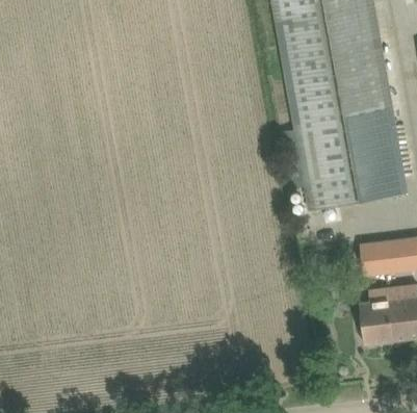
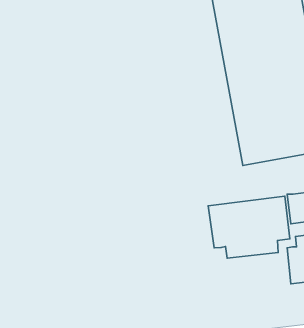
building: none -> [208,196,290,258]

